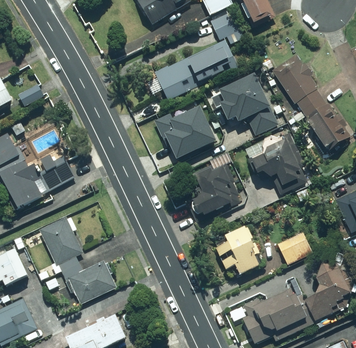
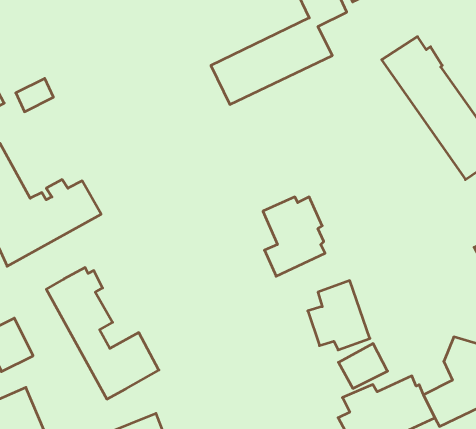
building: [213,74,279,136] -> none
building: [155,106,215,160] -> none
building: [247,132,300,196] -> none
building: [278,232,312,263] -> [338,344,388,388]

